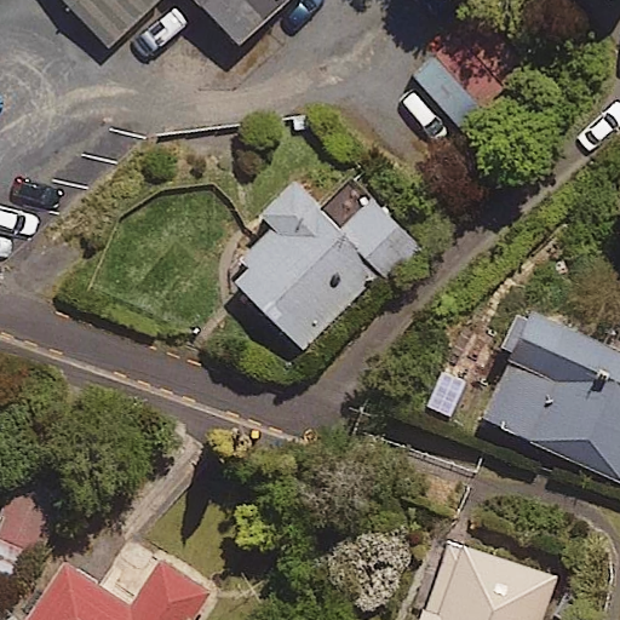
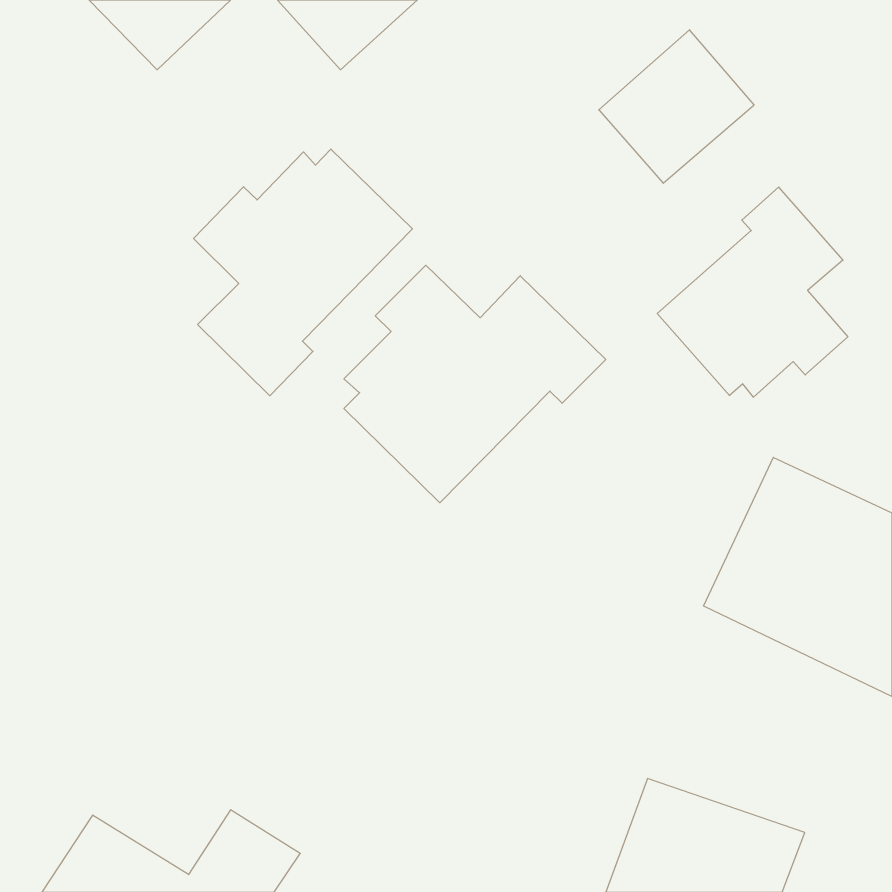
building: none -> [194,149,412,396]
building: none -> [657,187,848,397]

